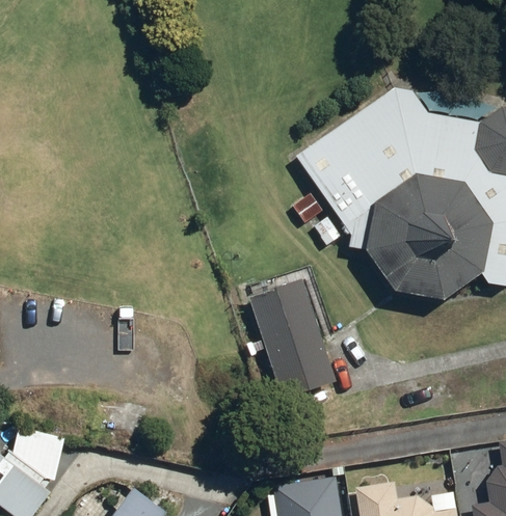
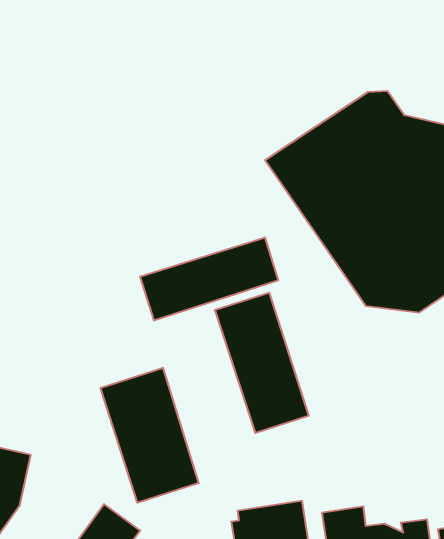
building: none -> [140,237,278,320]
building: none -> [101,368,199,503]

